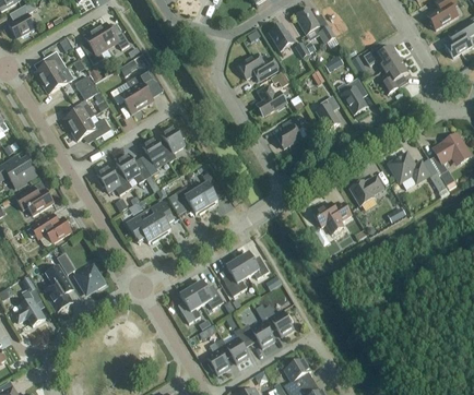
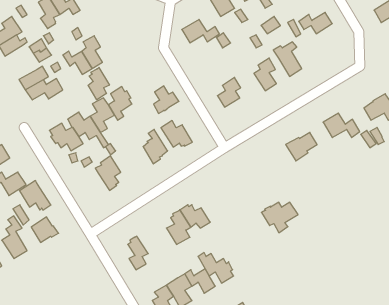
building: [381,58,408,94] -> none
building: [258,85,285,115] -> [154,86,179,113]
building: none -> [88,67,109,100]
building: [174,185,208,214] -> [161,121,192,147]
building: [312,201,352,234] -> [261,202,298,233]
building: [127,211,161,242] -> [19,181,51,210]
building: [190,280,224,308] -> none

